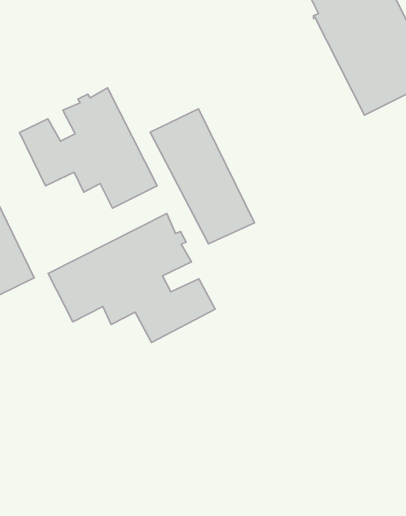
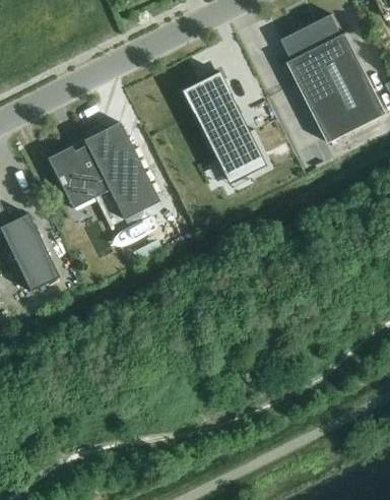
building: [150,109,254,244] -> [180,71,265,182]
building: [48,213,215,343] -> none

